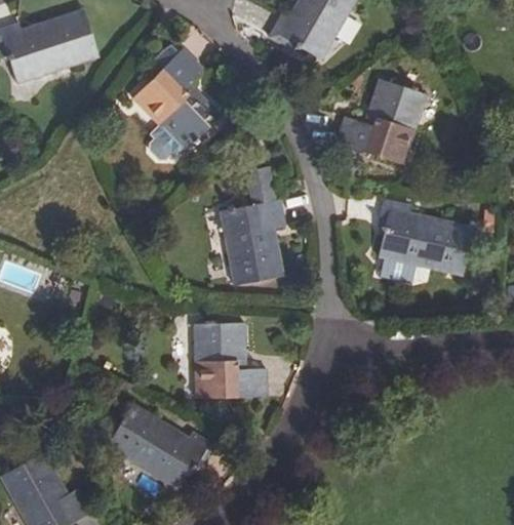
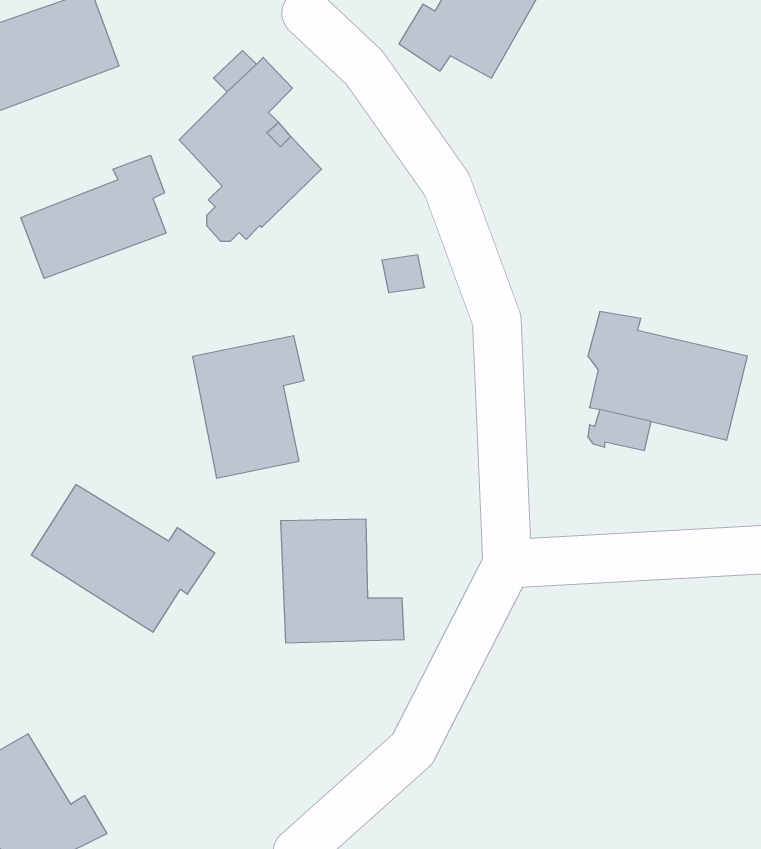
building: [335,83,425,166] -> none
building: none -> [21,155,166,278]
building: [222,199,288,284] -> [193,336,304,478]
building: [107,404,216,492] -> [31,484,215,632]

